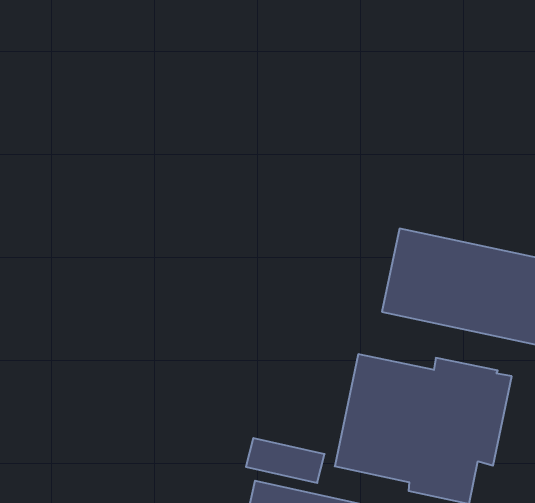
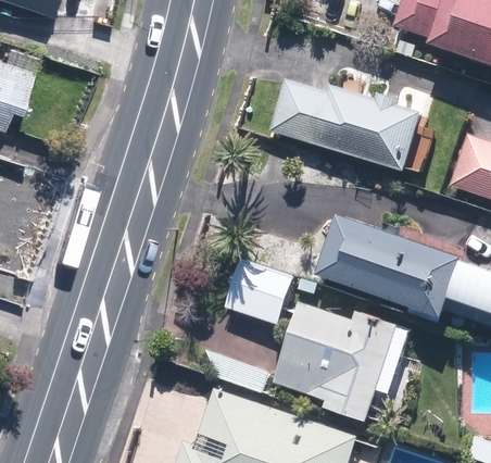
building: none -> [268,82,423,172]
building: none -> [226,262,294,325]

